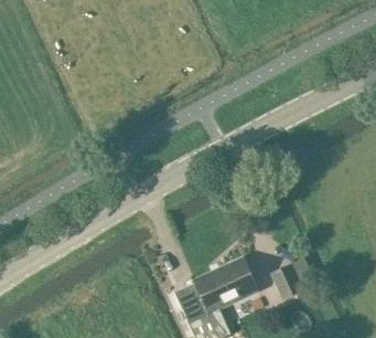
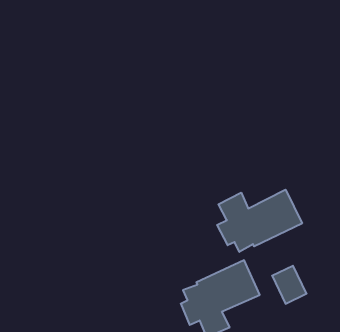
building: none -> [217,190,302,252]

